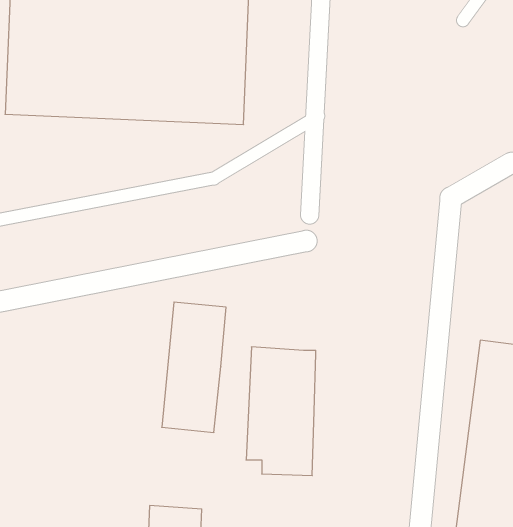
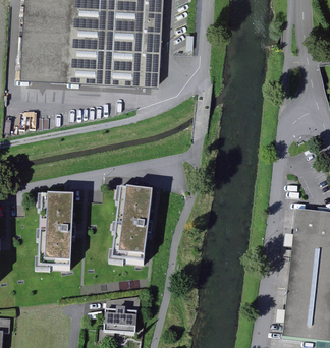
building: [246,347,316,476] -> [41,196,81,272]

